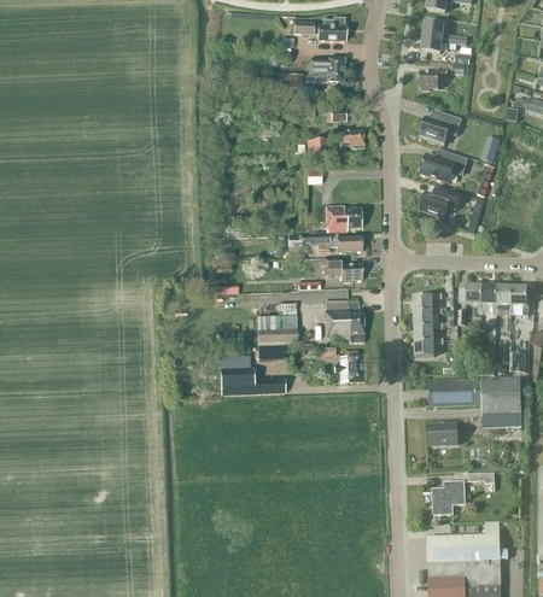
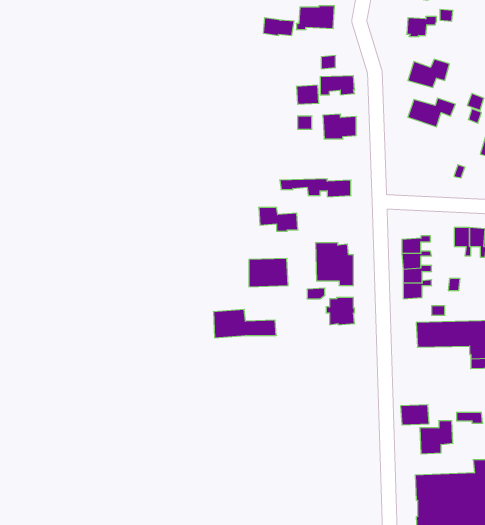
building: [419,183,461,218] -> none
building: [326,205,360,230] -> [323,114,356,139]
building: [322,257,362,281] -> [259,207,298,231]
building: [428,423,457,444] -> [401,405,429,425]

